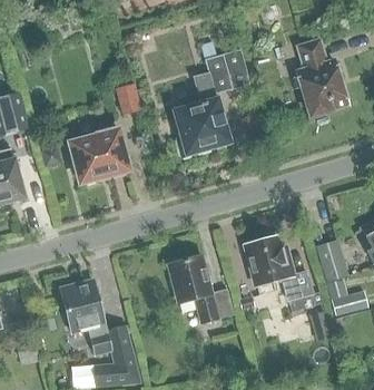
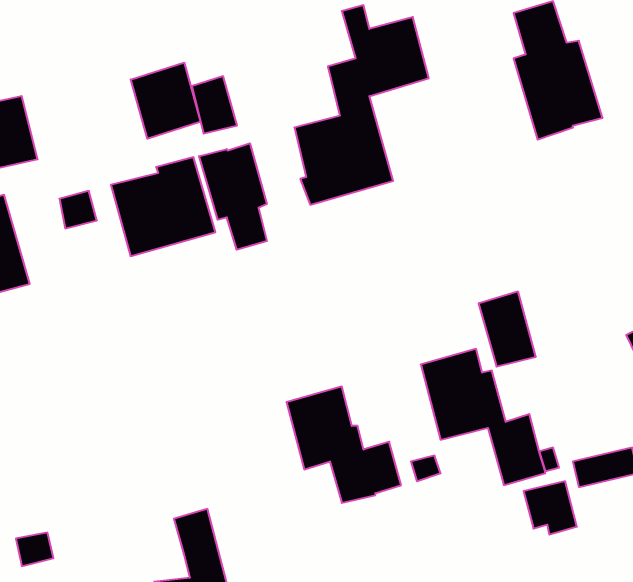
building: none -> [131,63,201,139]
building: none -> [199,143,267,250]
building: [316,238,348,281] -> [479,292,536,367]
building: [60,281,111,355] -> none

